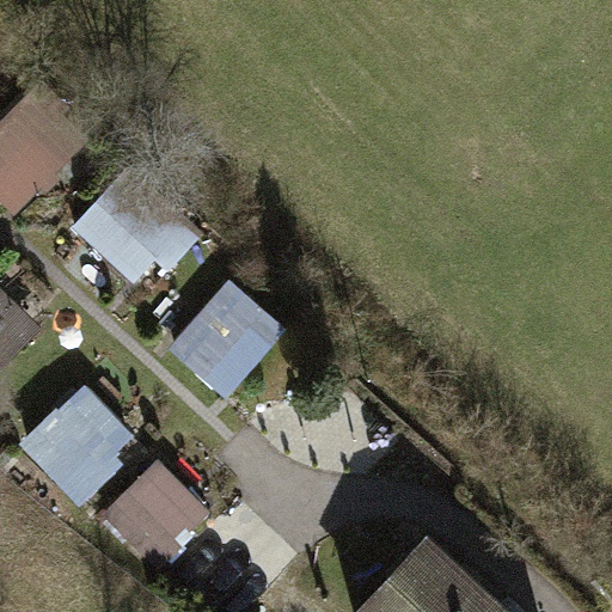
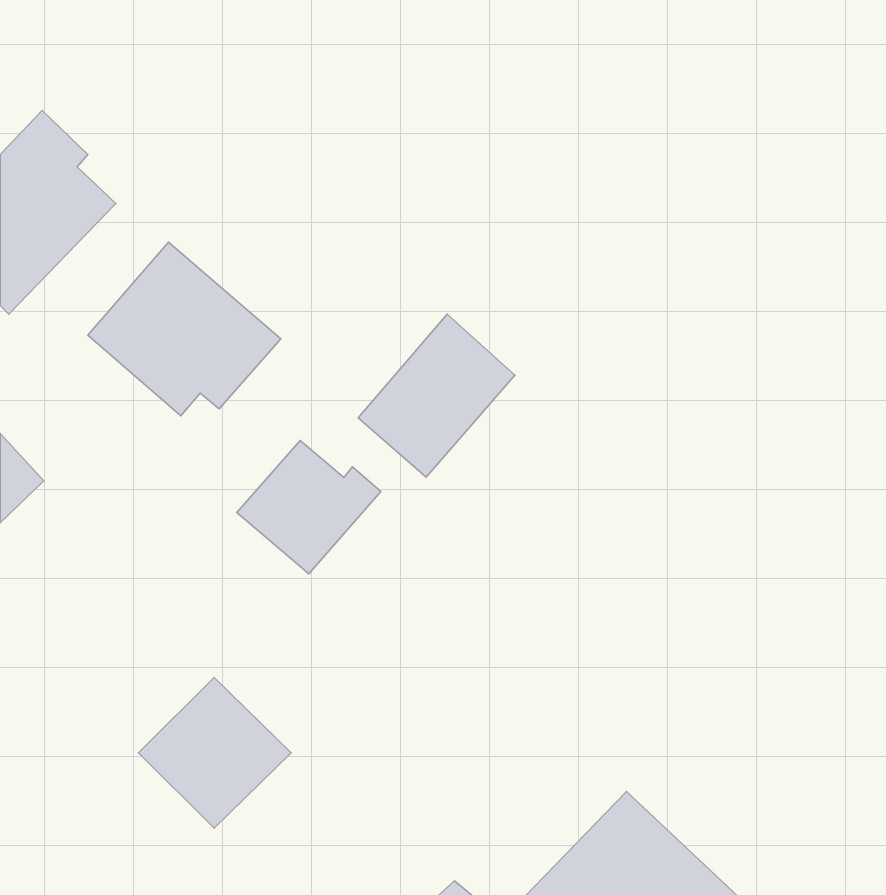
building: none -> [358,314,515,477]
building: [14,385,128,508] -> none

